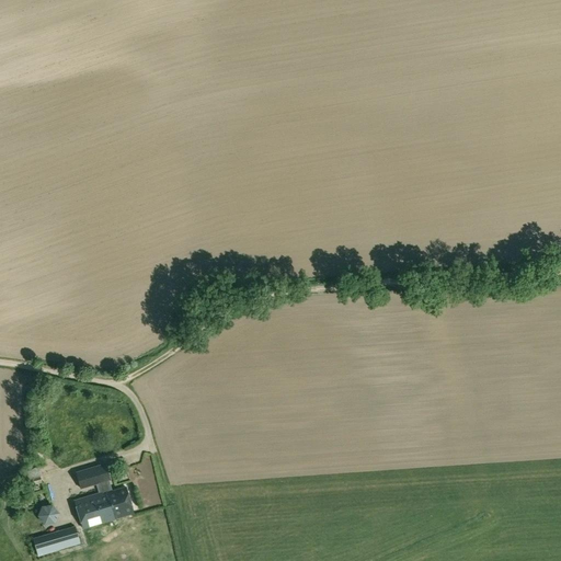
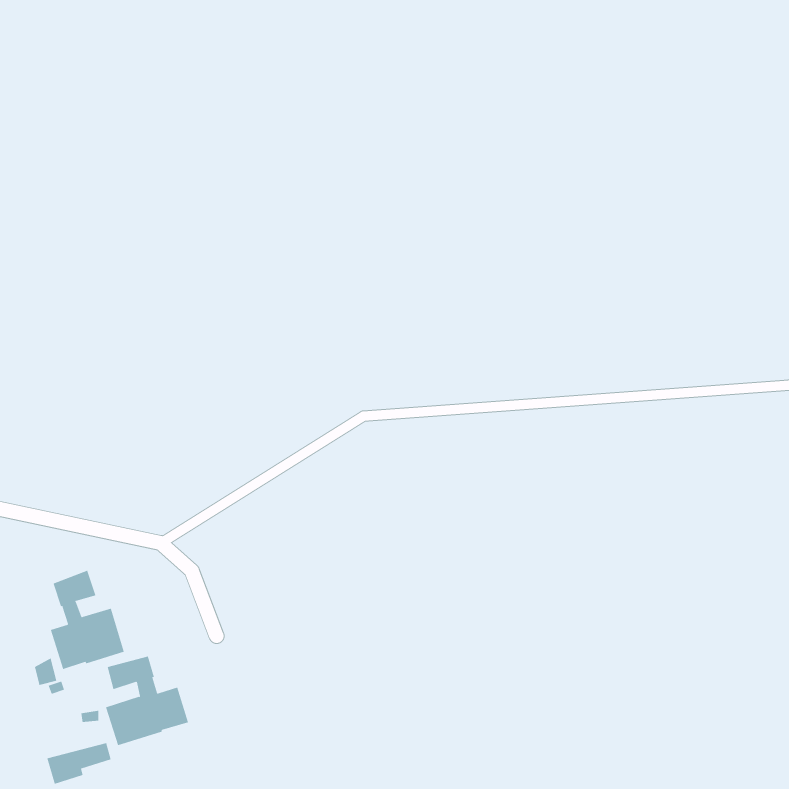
building: none -> [50,570,125,670]

